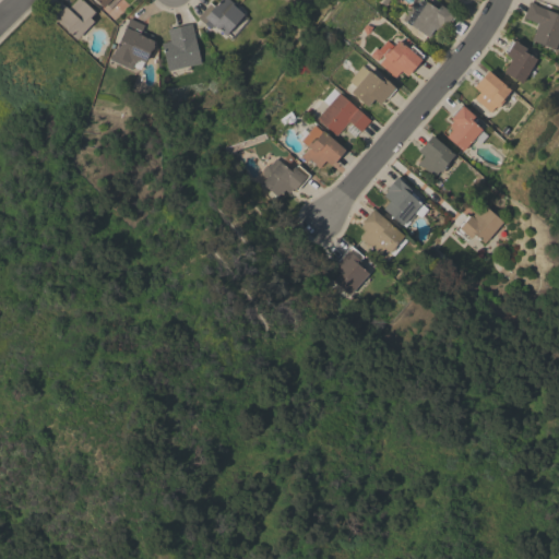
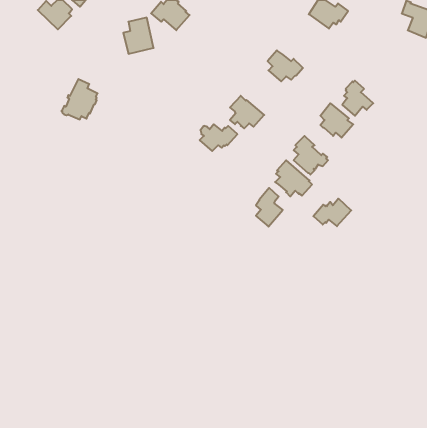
building: [109,19,156,71] -> [61,79,98,119]
building: [371,40,425,79] -> none
building: [503,40,538,84] -> none
building: [475,71,511,112] -> none
building: [318,88,371,136] -> none
building: [455,207,504,243] -> [313,199,351,226]

